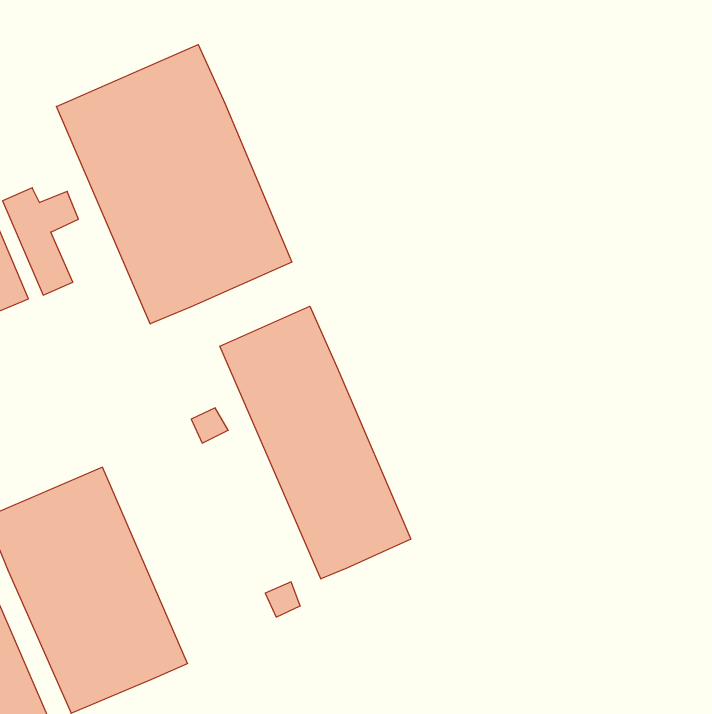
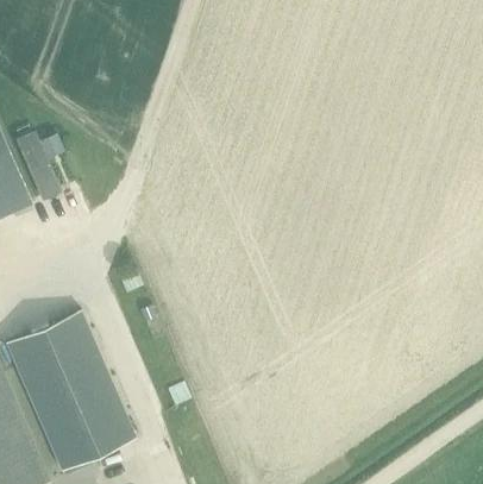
building: [56,45,292,324] -> none
building: [220,306,411,579] -> none

